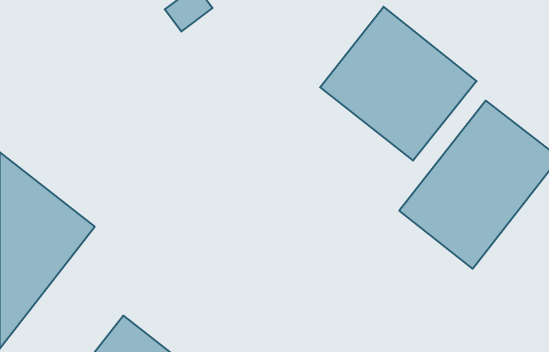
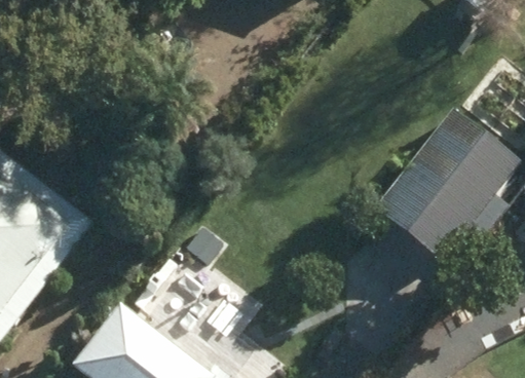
building: [320,7,477,161] -> none

